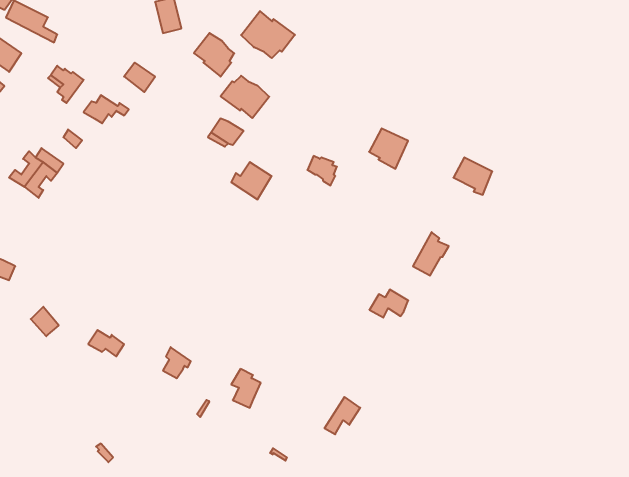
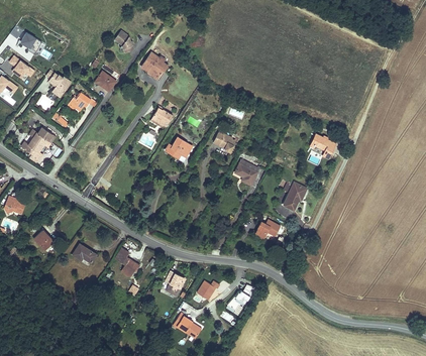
building: [241,11,295,58] -> none
building: [221,76,269,118] -> none
building: [369,128,408,169] -> [233,159,258,186]

